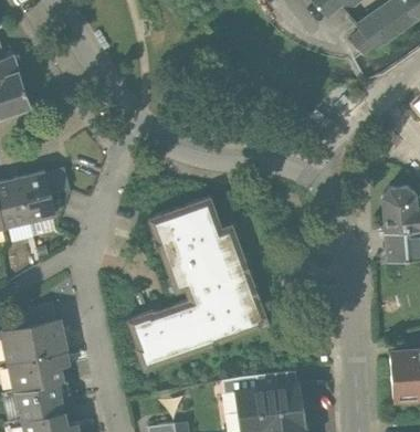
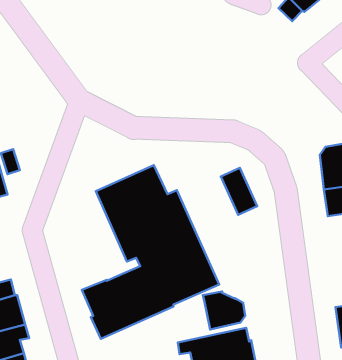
building: none -> [221,168,257,215]
building: none -> [203,291,245,329]

